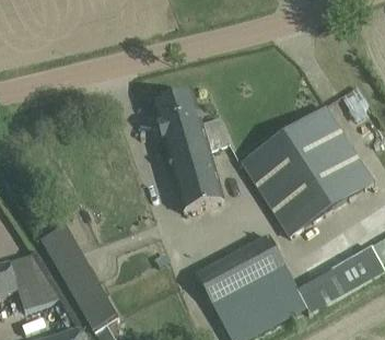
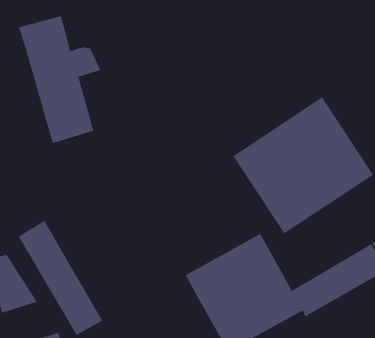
building: [152,92,230,212] -> [18,15,101,144]

